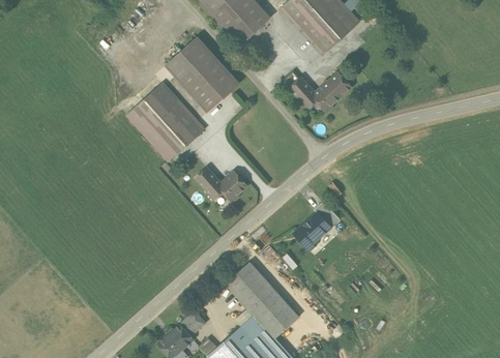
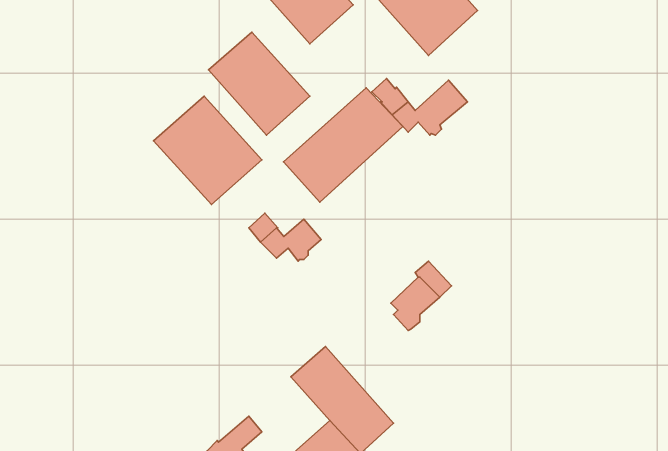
building: none -> [284,88,403,202]

